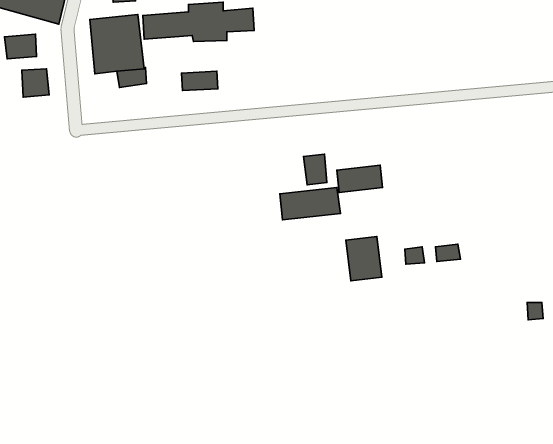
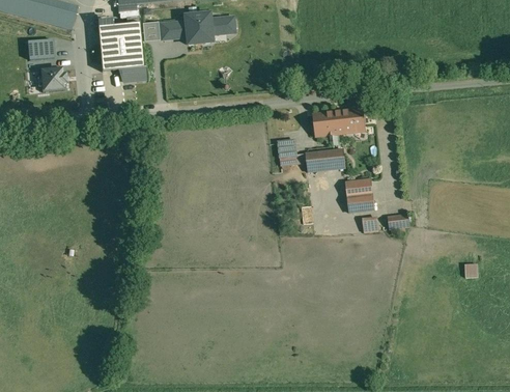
building: [182,71,218,91] -> none
building: [280,188,340,220] -> [313,109,364,136]
building: [346,236,382,281] -> [344,174,374,212]

